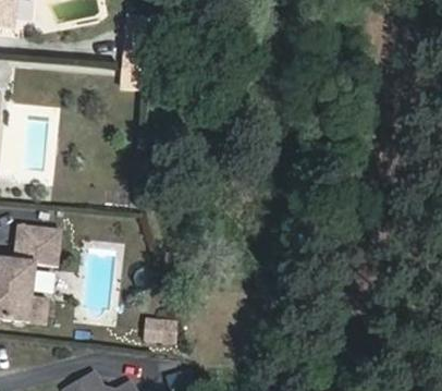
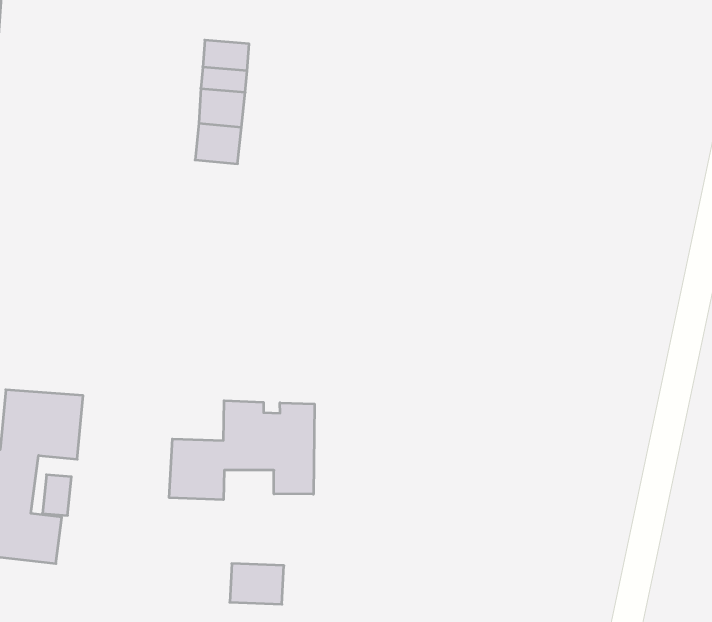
building: none -> [169,401,314,500]

